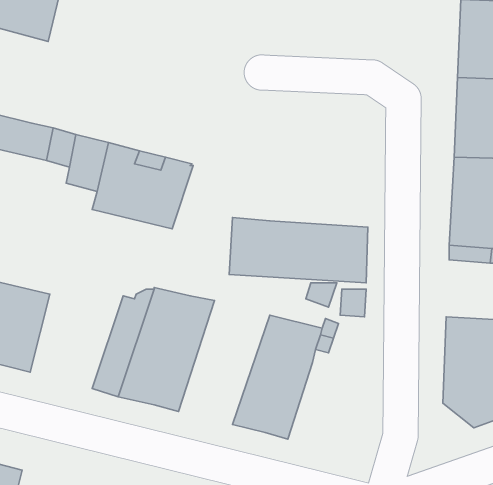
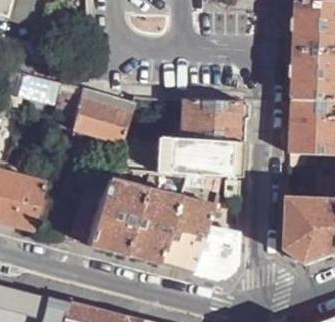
building: none -> [180,99,242,140]
building: none -> [123,186,180,262]
building: none -> [191,224,236,277]

